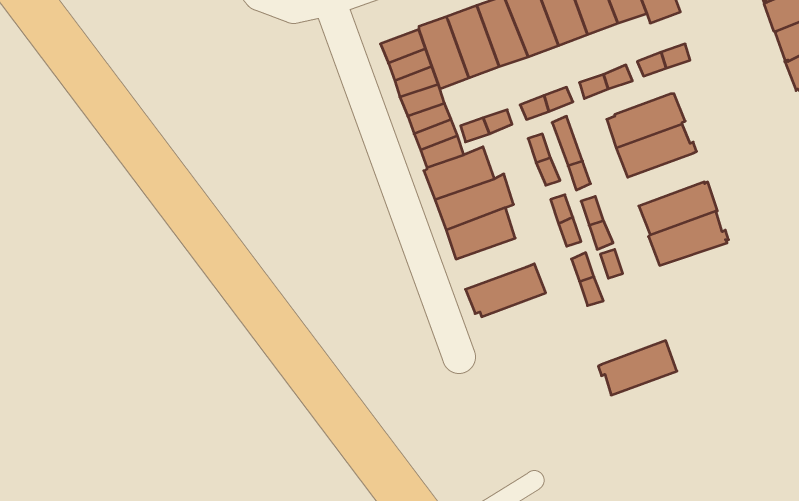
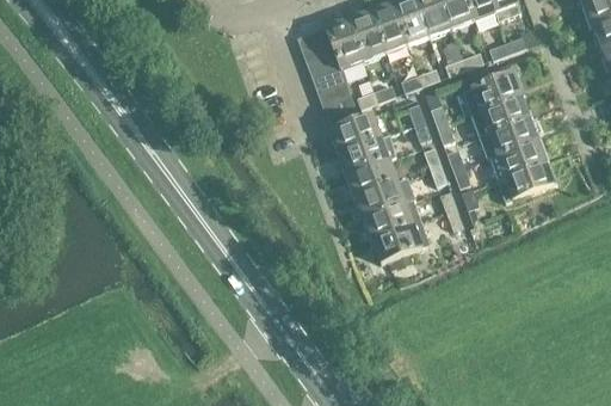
building: none -> [481,117,541,156]
building: none -> [353,180,406,219]
building: [598,341,677,395] -> [370,221,428,262]

